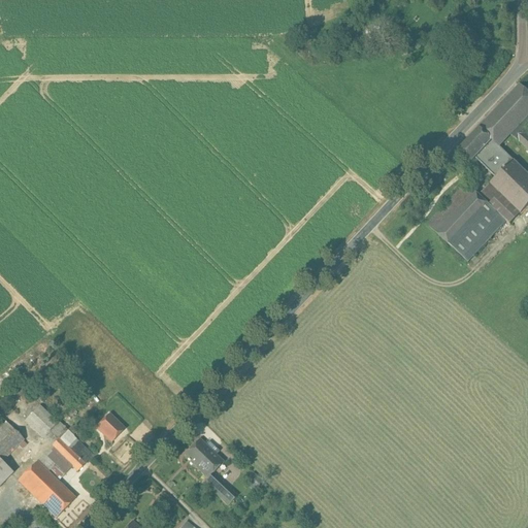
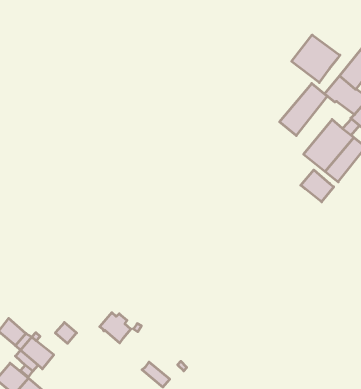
building: none -> [292,35,340,83]
building: none -> [280,83,327,136]
building: none -> [301,170,334,202]
building: [184,438,223,477] -> [100,313,131,343]

